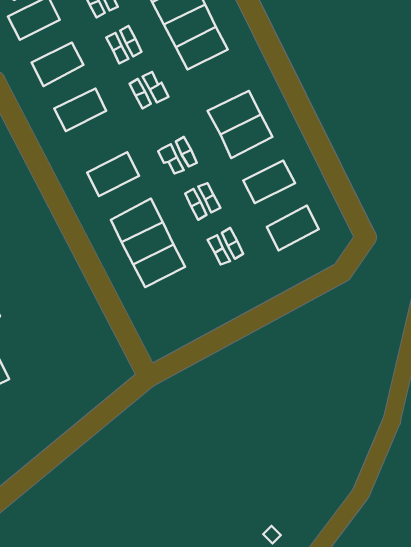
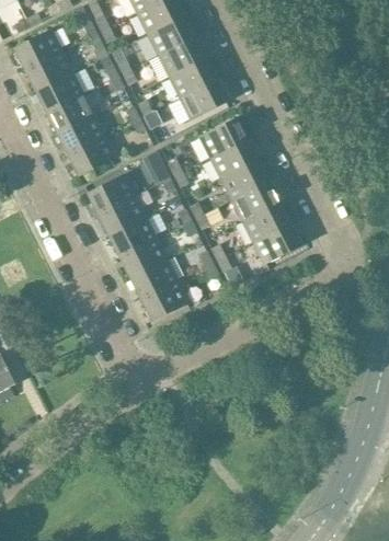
building: none -> [23,51,71,91]
building: none -> [179,79,227,120]
building: none -> [45,93,93,134]
building: none -> [66,136,115,176]
building: none -> [219,160,267,200]
building: none -> [96,196,145,237]
building: none -> [241,203,289,243]
building: none -> [139,280,187,322]

